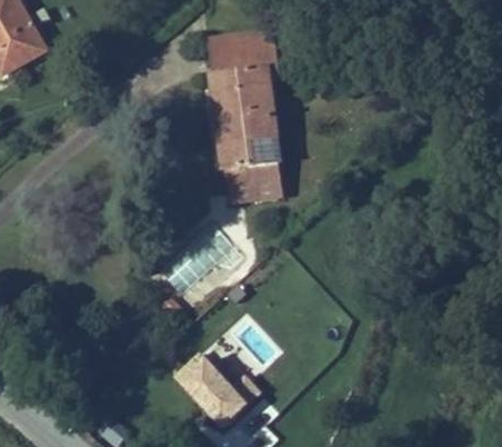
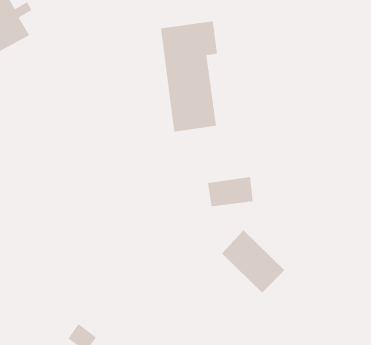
building: [224,165,282,202] -> [207,177,253,207]
building: [172,348,252,428] -> [221,229,285,293]

